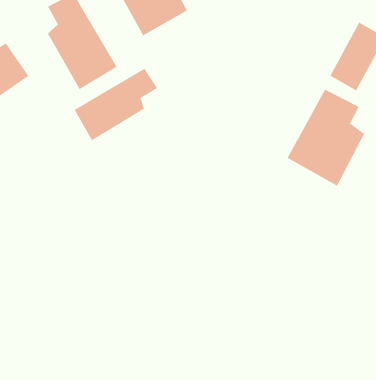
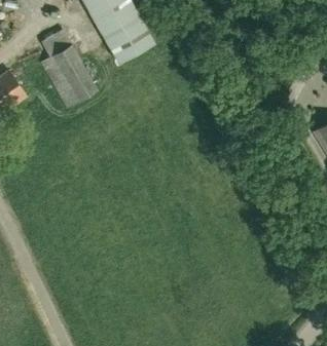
building: [74,68,158,141] -> none
building: [287,89,365,186] -> none

